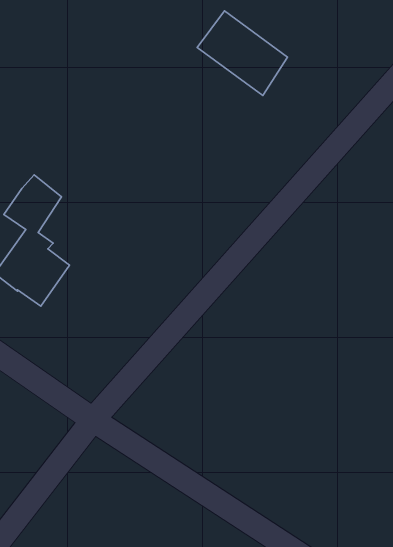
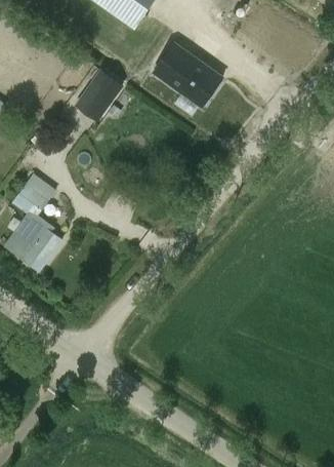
building: none -> [76,73,118,119]

